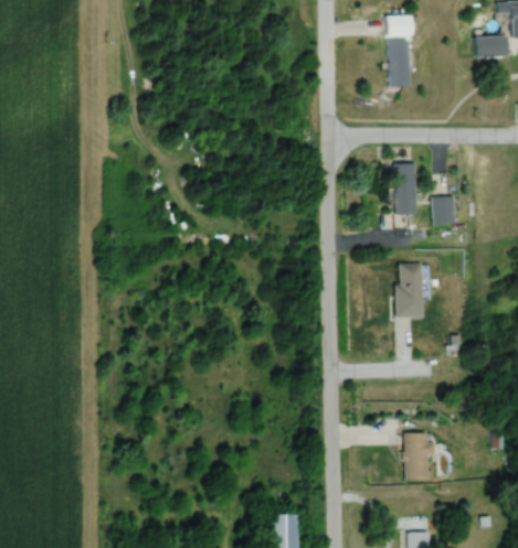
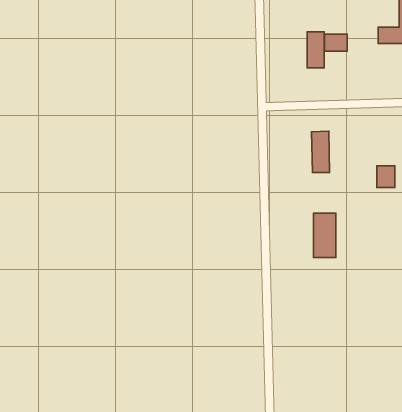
building: [388,15,415,36] -> [325,34,347,51]
building: [433,197,455,224] -> [377,166,395,188]
building: [404,433,436,481] -> none

